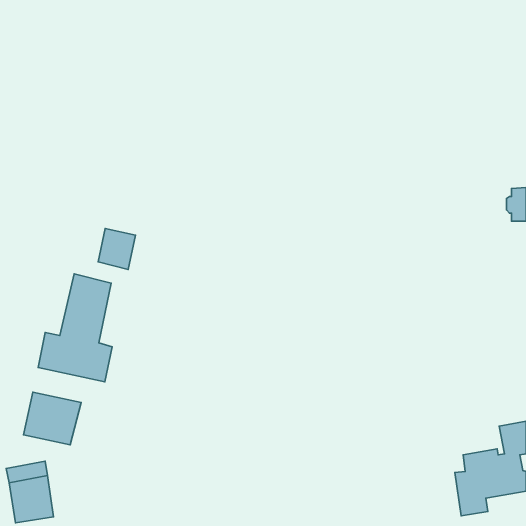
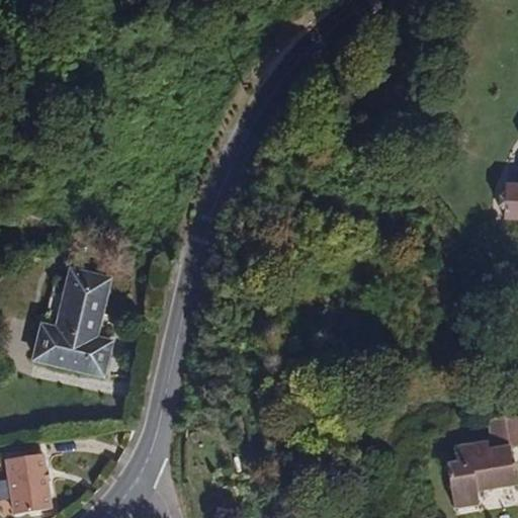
building: [98,229,136,270] -> none
building: [23,392,81,445] -> none

